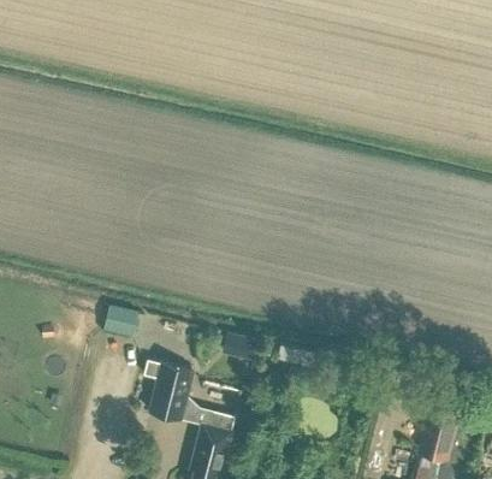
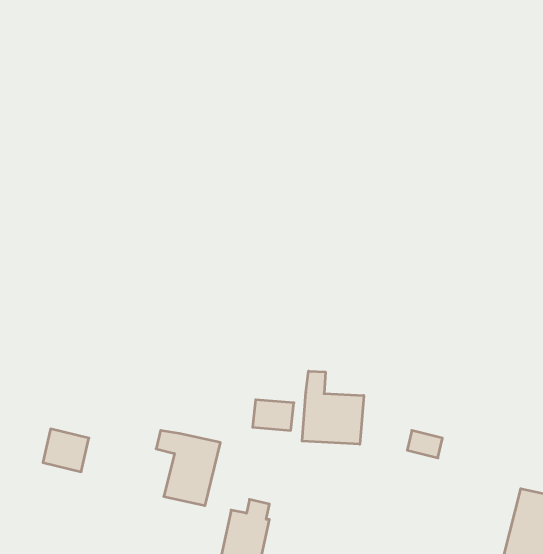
building: [103,308,140,342] -> [43,429,89,472]
building: none -> [302,371,364,444]

